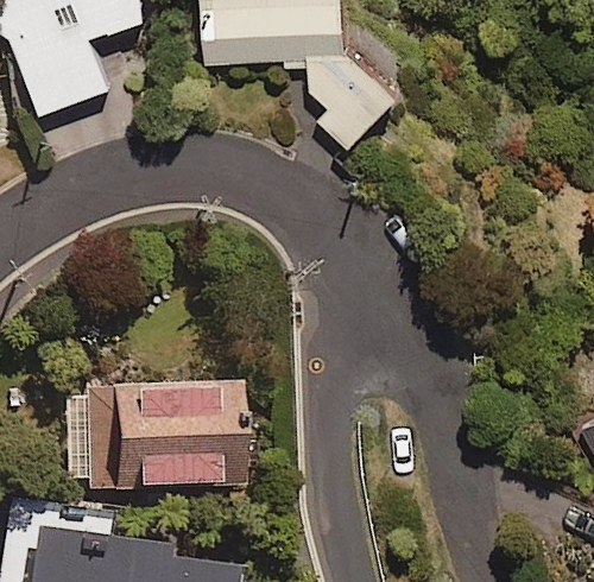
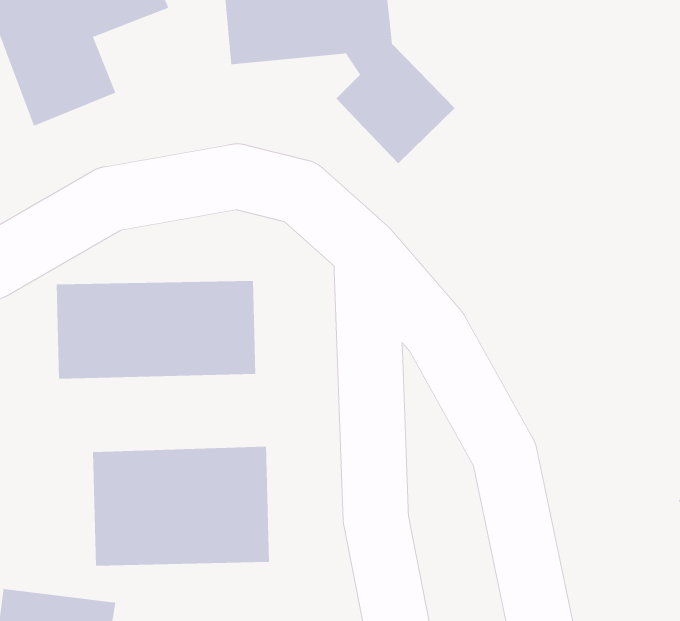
building: none -> [56,280,256,379]

